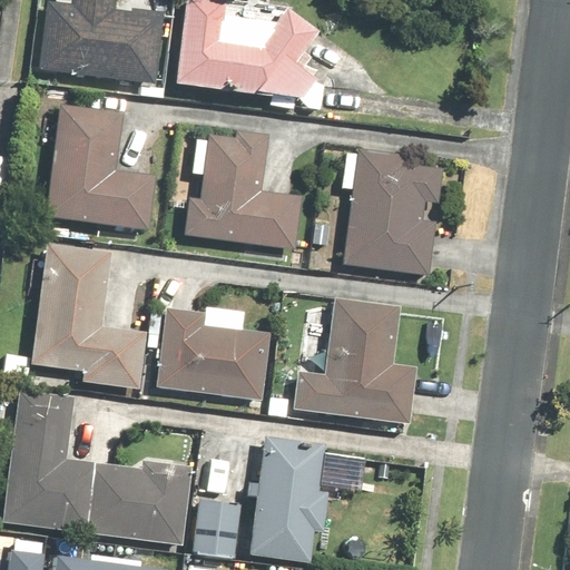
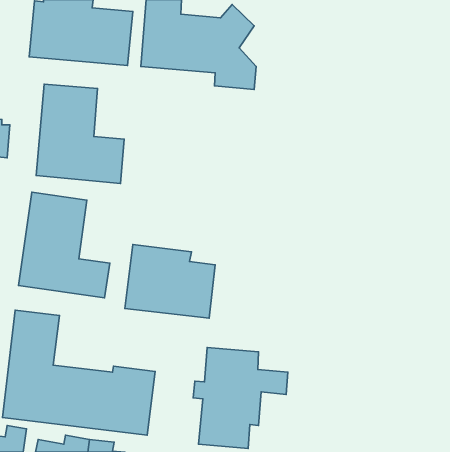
building: [179,131,303,249] -> none
building: [342,149,442,274] -> none
building: [294,298,419,423] -> none
building: [191,499,239,559] -> none

